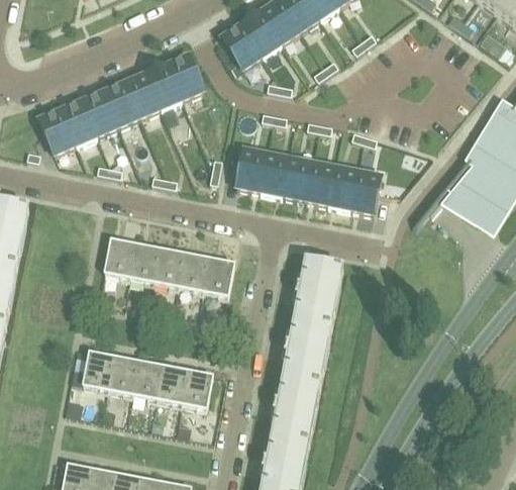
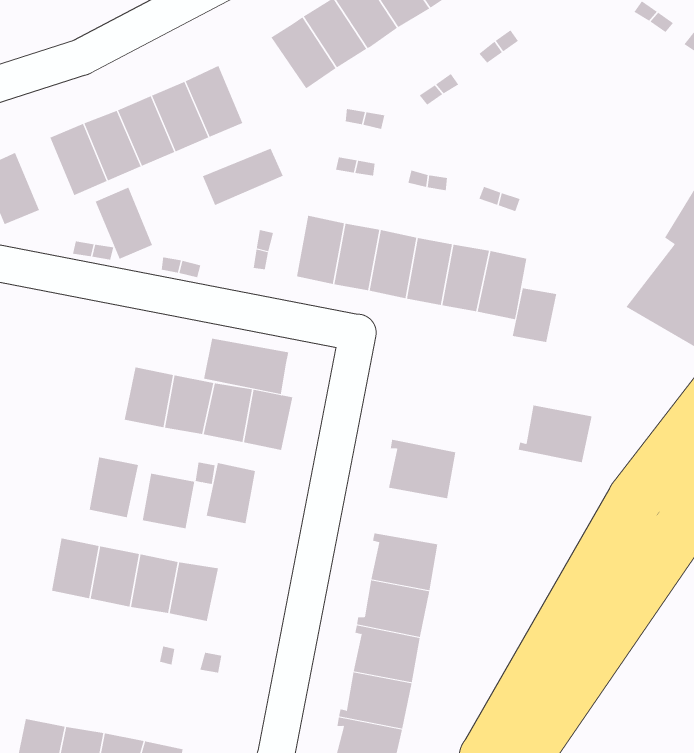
building: [61,99,97,144] -> [95,187,153,260]
building: none -> [202,148,284,206]
building: none -> [512,287,557,343]
building: none -> [204,338,289,395]
building: [104,237,135,276] -> [89,457,139,518]
building: [296,260,342,296] -> [518,405,592,463]
building: none -> [142,473,195,529]
building: [285,318,331,354] -> none
building: [181,369,212,407] -> [206,463,256,524]

